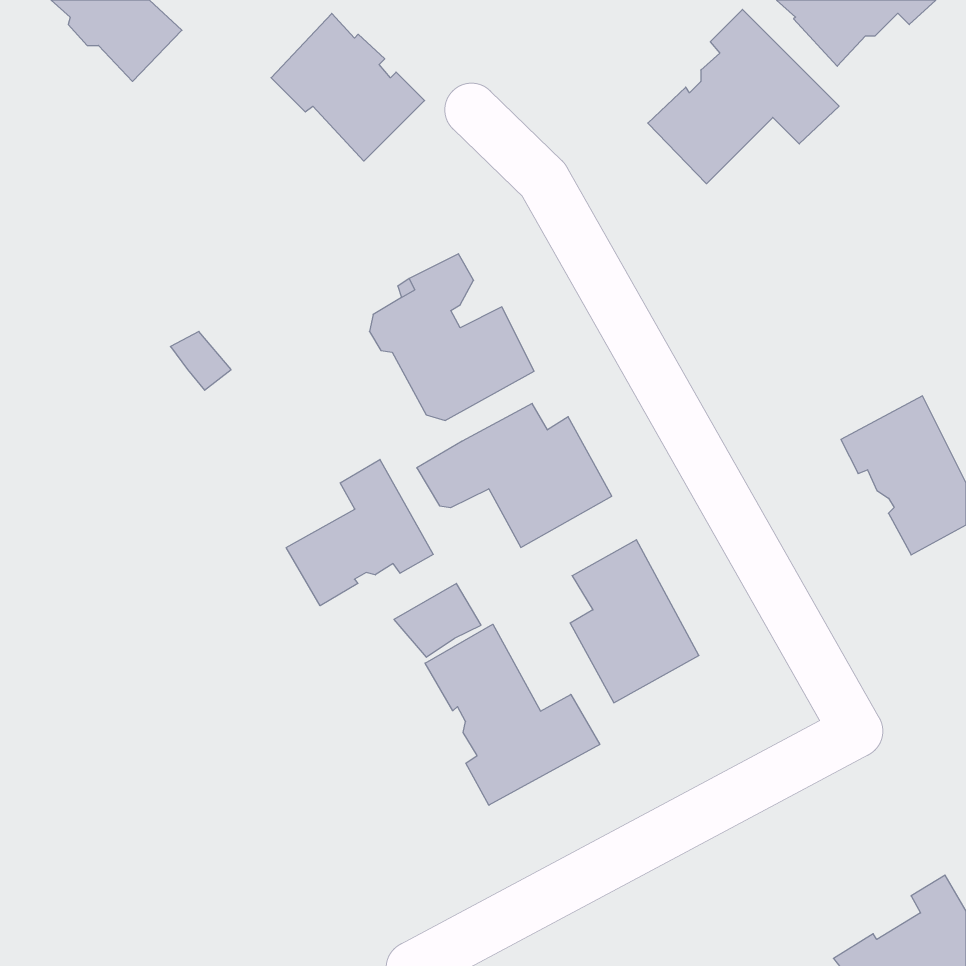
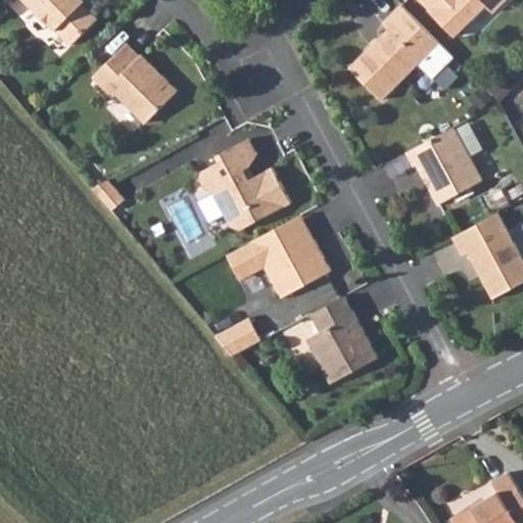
building: [271,13,425,161] -> [95,43,178,123]
building: none -> [407,129,482,206]
building: [286,459,433,606] -> none
building: [425,624,600,805] -> none

